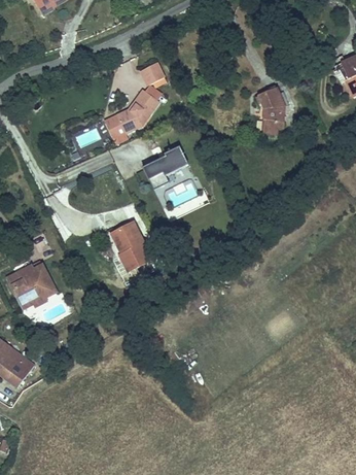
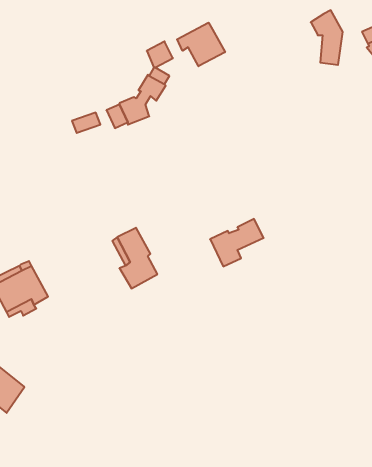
building: none -> [177,23,225,66]
building: [260,82,288,130] -> [311,10,343,65]
building: [143,151,189,193] -> [210,219,264,266]

